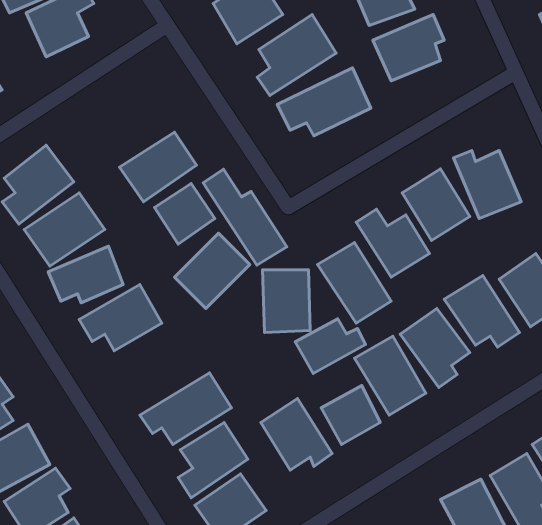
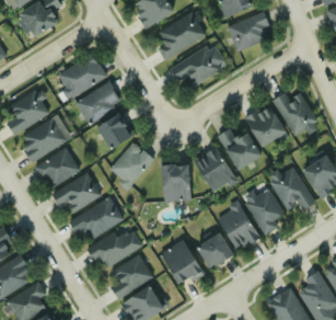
building: none -> [57,53,106,99]
building: [203,169,287,265] -> none
building: [295,319,365,373] -> none
building: none -> [69,197,123,238]

